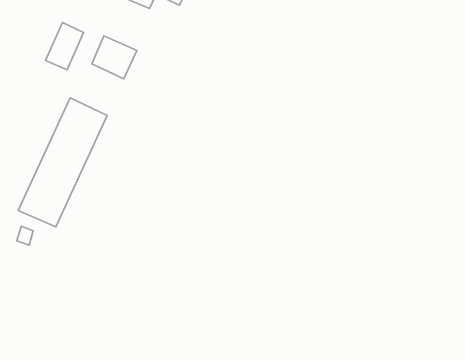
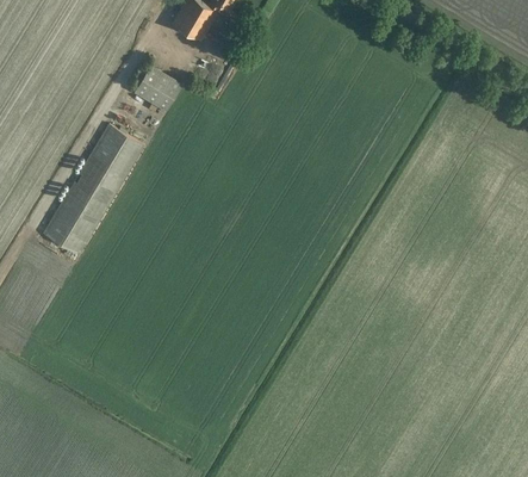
building: [46,22,83,70] -> none

